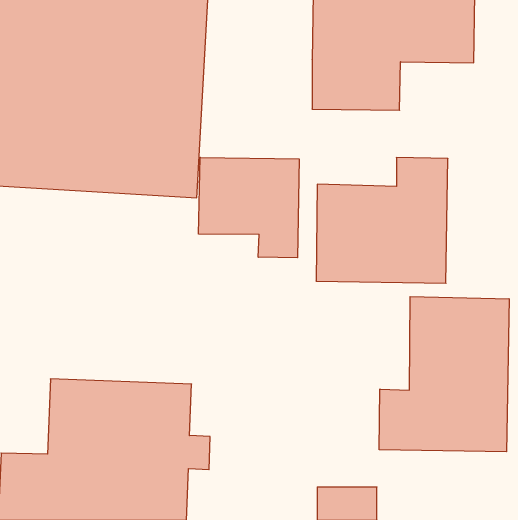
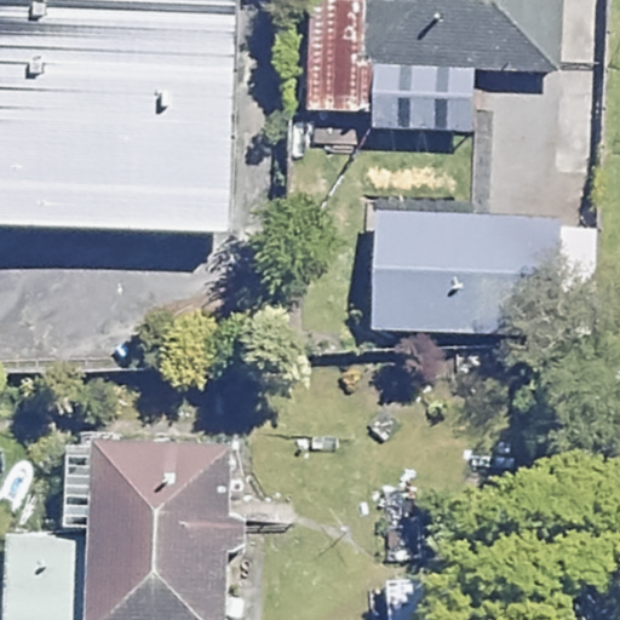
building: [199,157,299,258] -> none
building: [379,297,509,452] -> none

